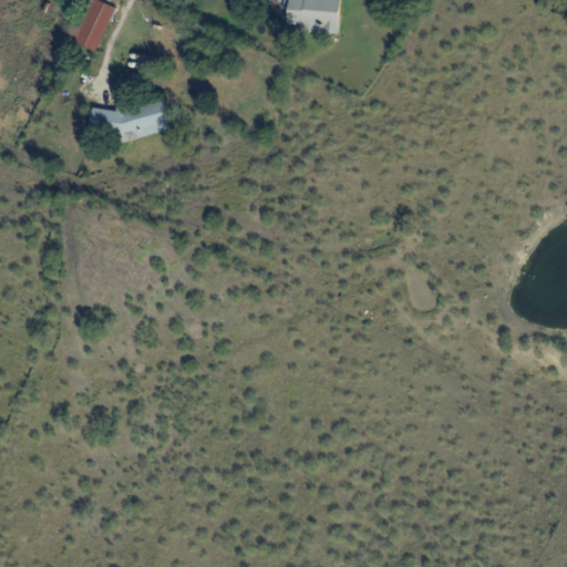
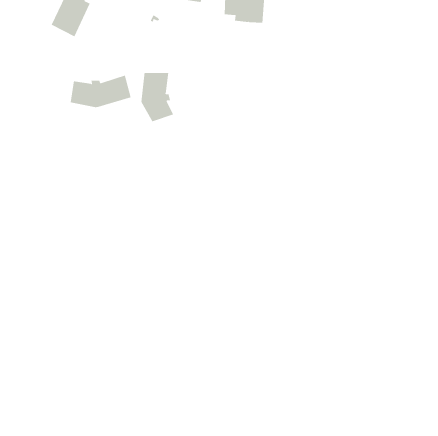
building: none -> [141,72,174,122]

